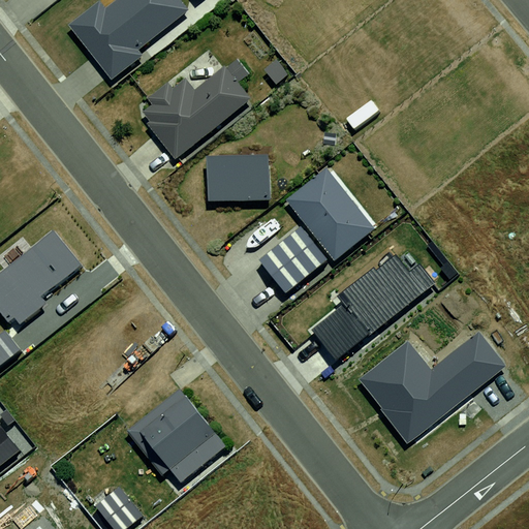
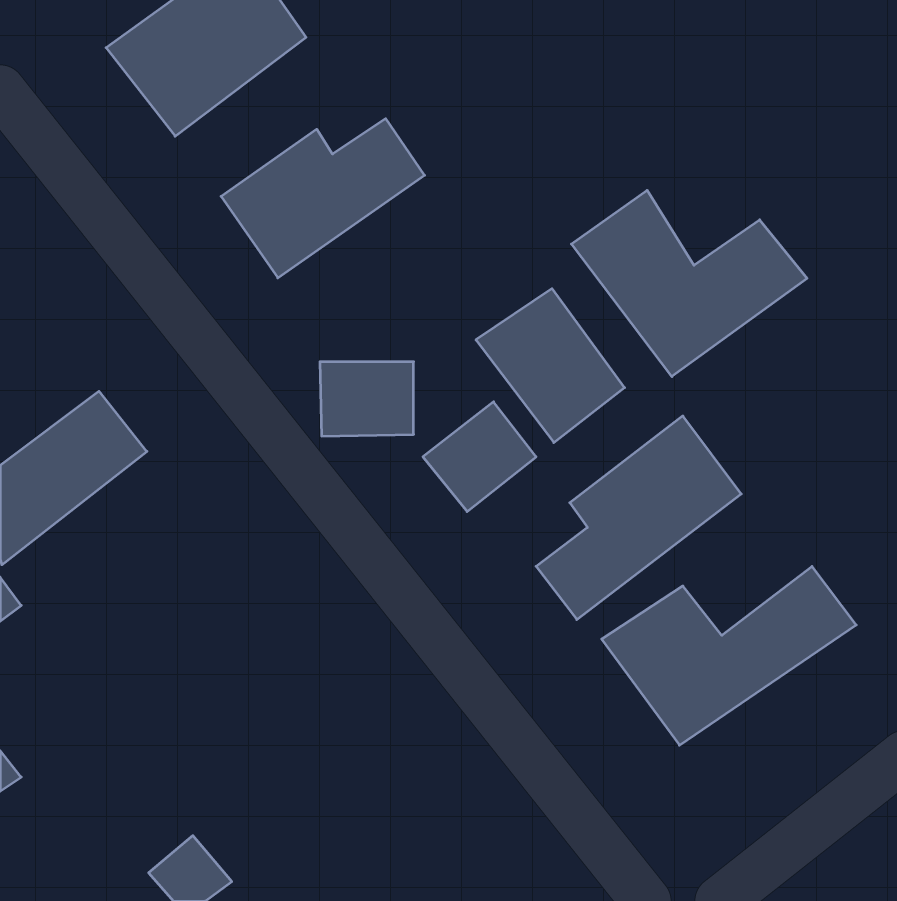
building: none -> [571,190,807,377]
building: [210,151,264,194] -> [320,362,414,436]
building: [139,391,228,479] -> none

